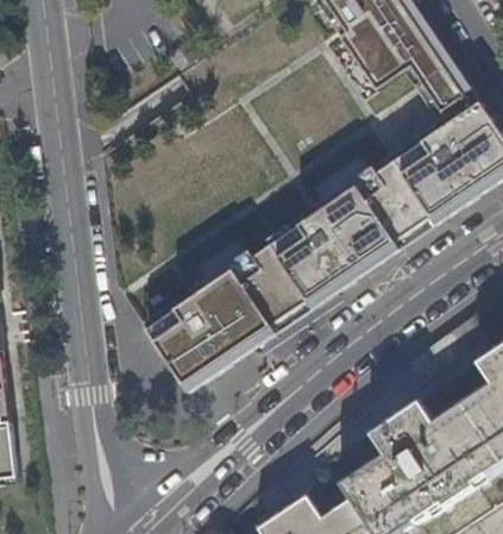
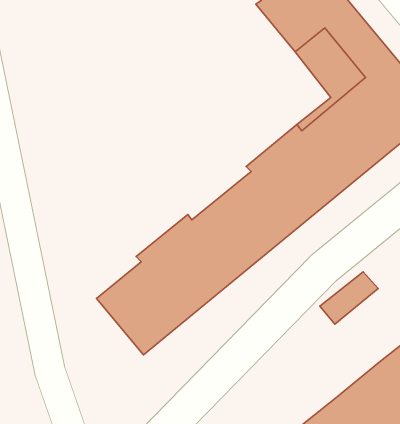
building: [370,402,433,454] -> [320,272,378,324]

